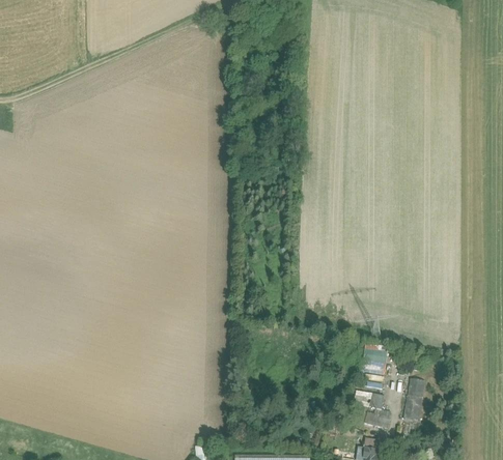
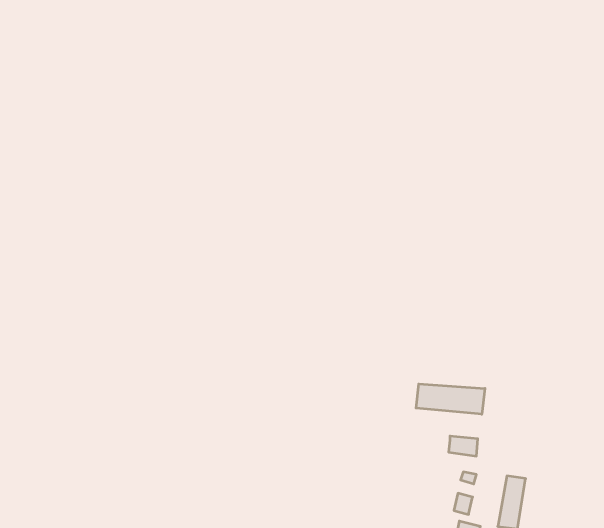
building: none -> [416,384,485,414]

